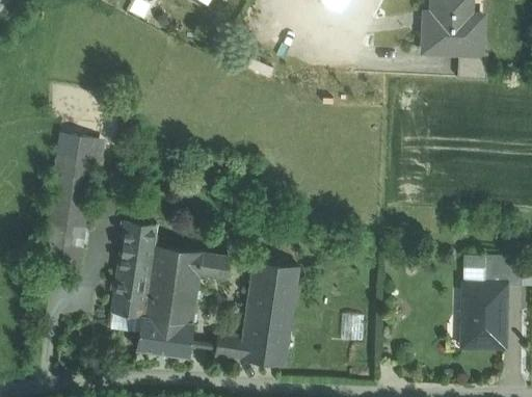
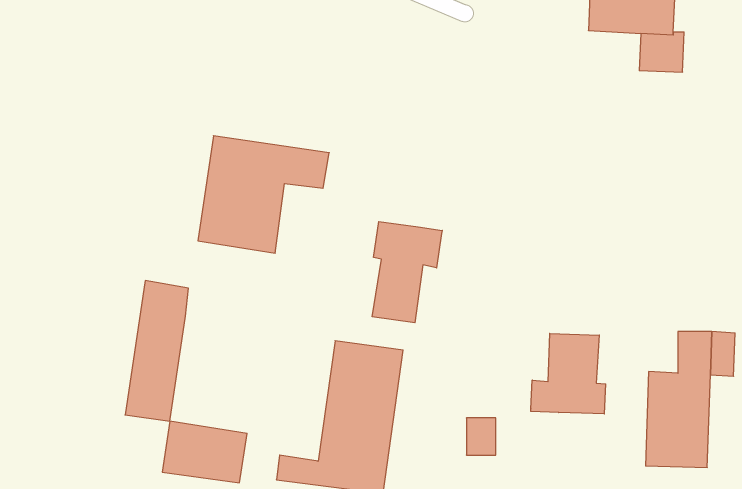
building: [43,134,97,259] -> none
building: none -> [372,222,442,323]
building: [141,244,230,323] -> [198,136,329,253]
building: none -> [531,333,606,414]

